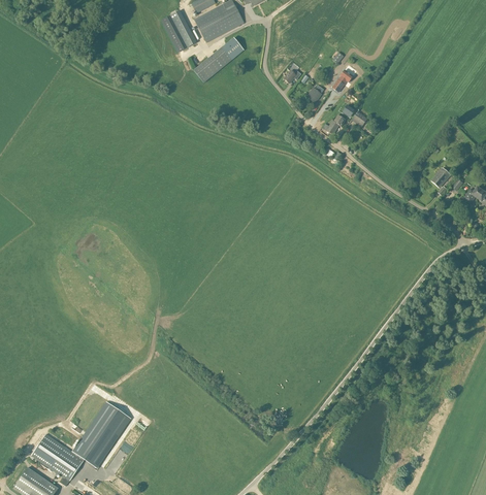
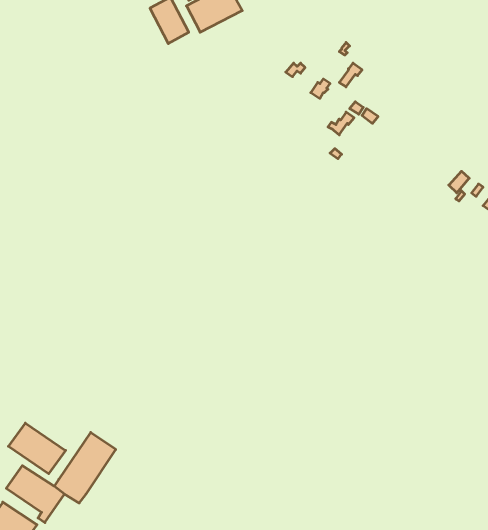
building: [194,36,244,81] -> none
building: none -> [8,423,66,474]

